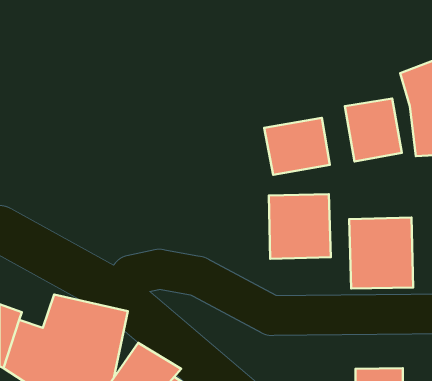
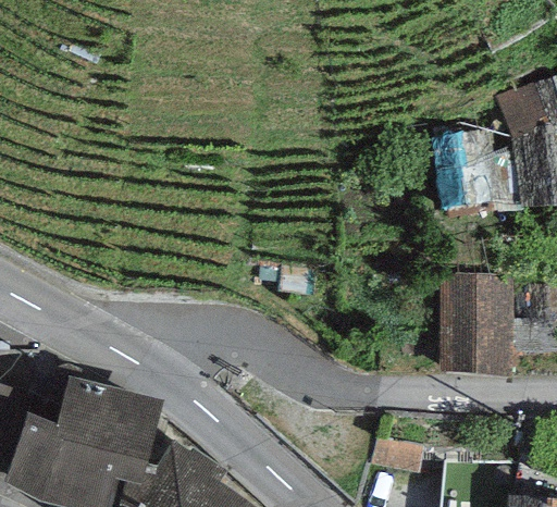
building: [264,118,330,175] -> none
building: [269,194,331,259] -> none

